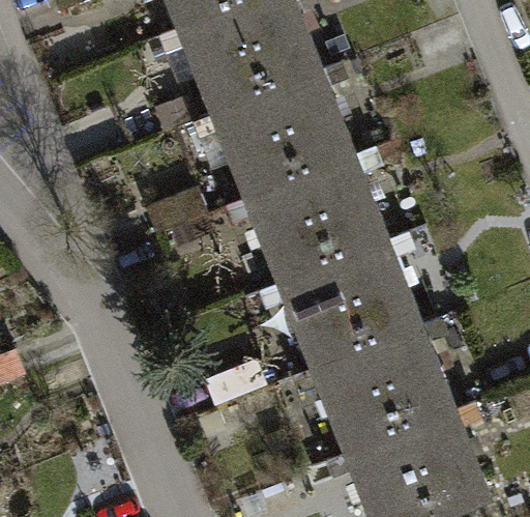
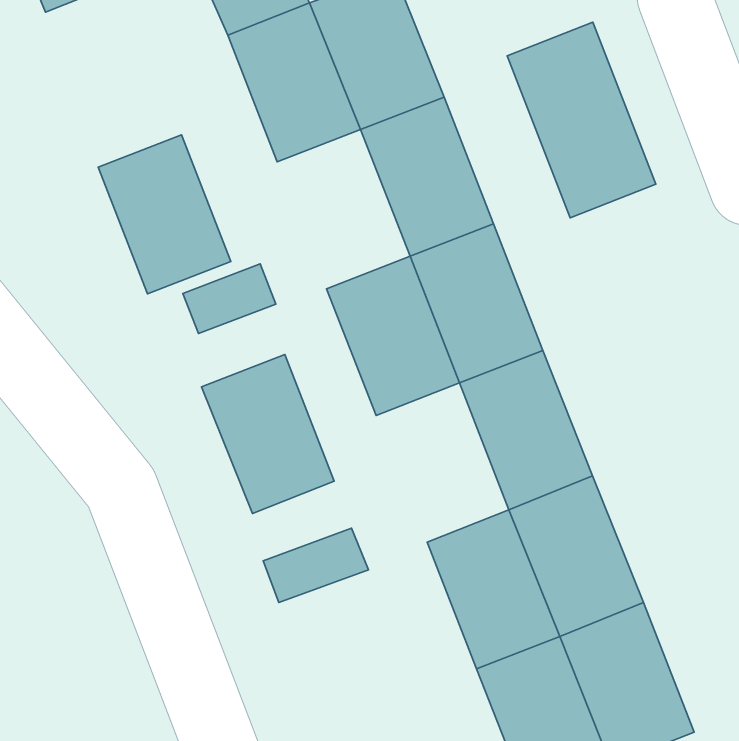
building: none -> [507,22,656,218]
building: [209,89,298,196] -> [98,135,231,294]
building: [275,259,364,366] -> [201,354,334,514]

